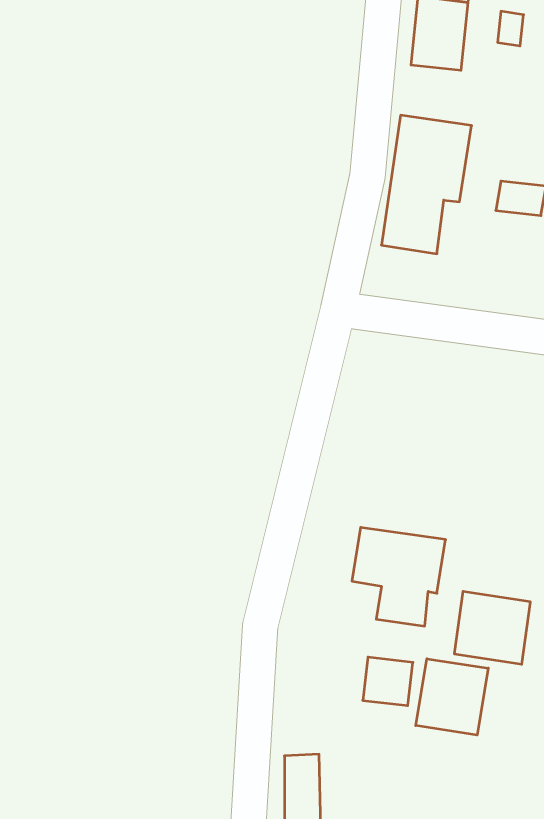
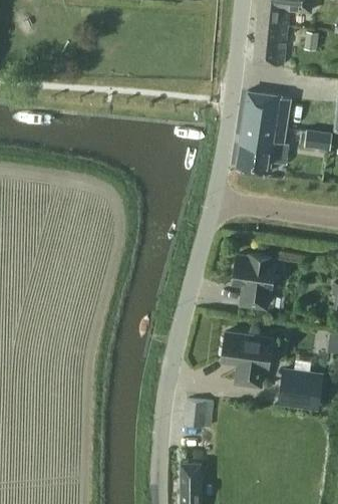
building: none -> [235,254,277,307]
building: [363,657,413,706] -> [184,401,213,429]
building: [416,659,488,735] -> none

